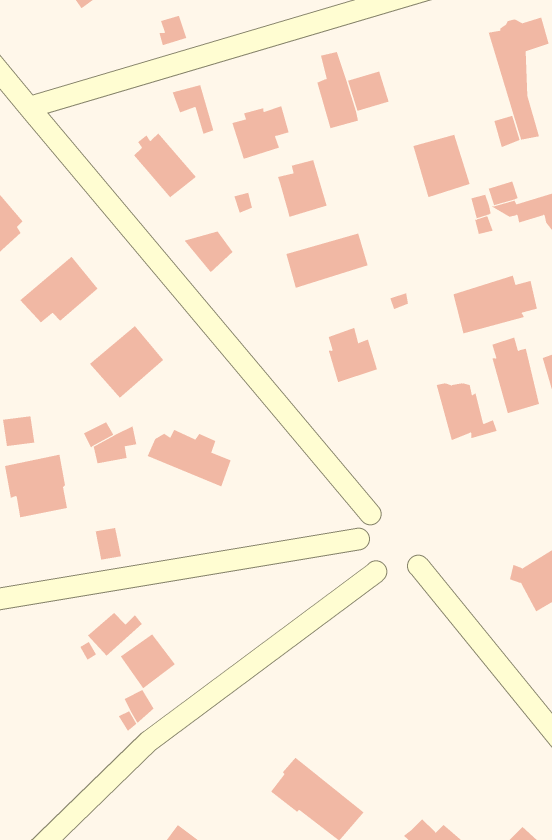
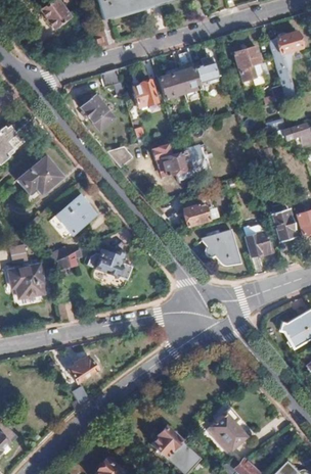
building: [413,134,470,198] -> [232,45,263,79]
building: [277,160,327,217] -> [159,66,185,97]
building: [453,275,537,334] -> none
building: none -> [202,230,240,266]
building: none -> [209,411,243,449]

